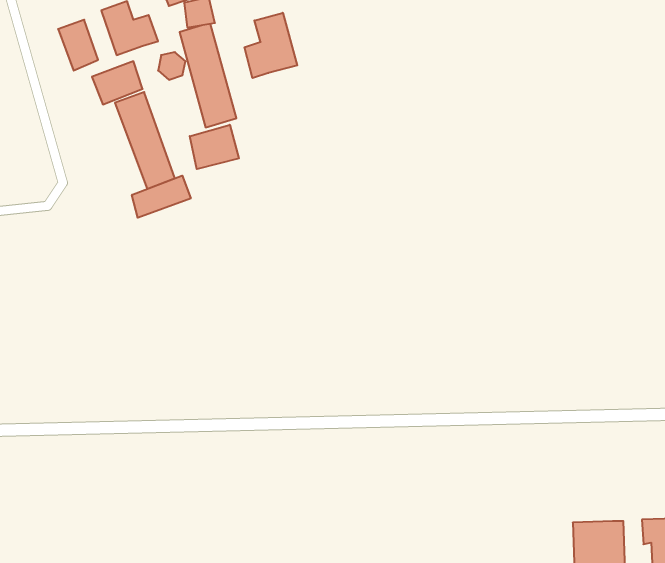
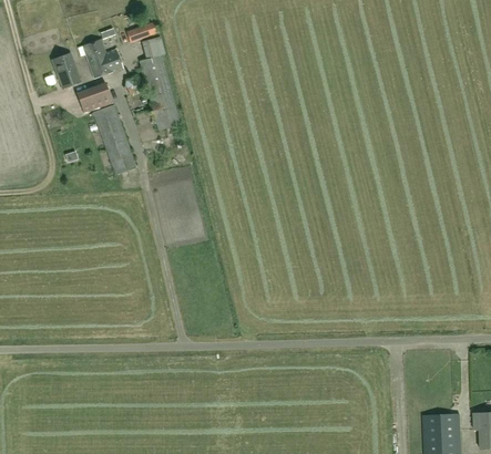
building: [244,13,297,78] -> none
building: [190,125,239,169] -> none
building: [132,176,191,218] -> none

